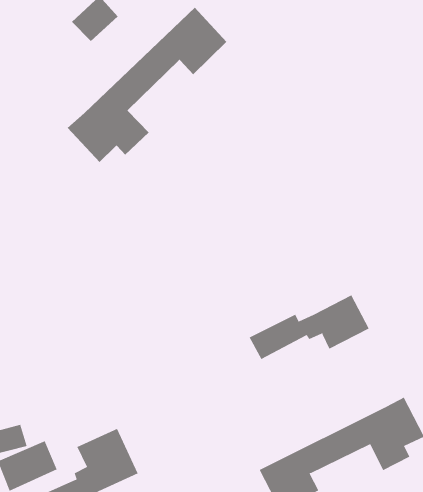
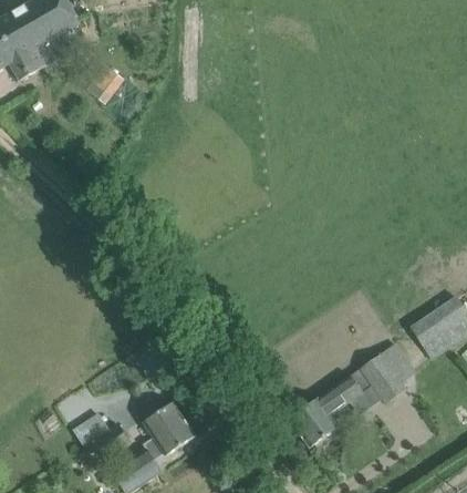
building: [67,7,227,163] -> none
building: [249,294,369,360] -> none

